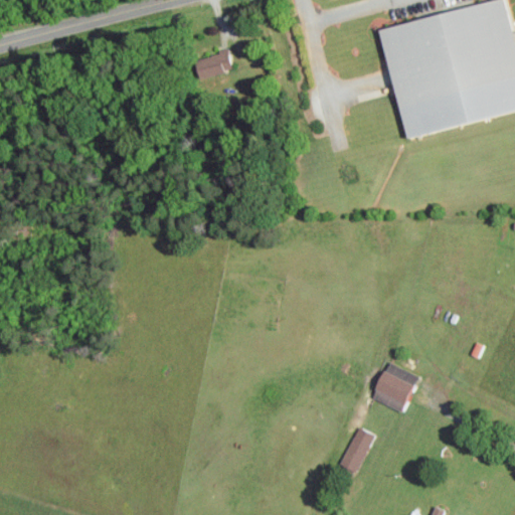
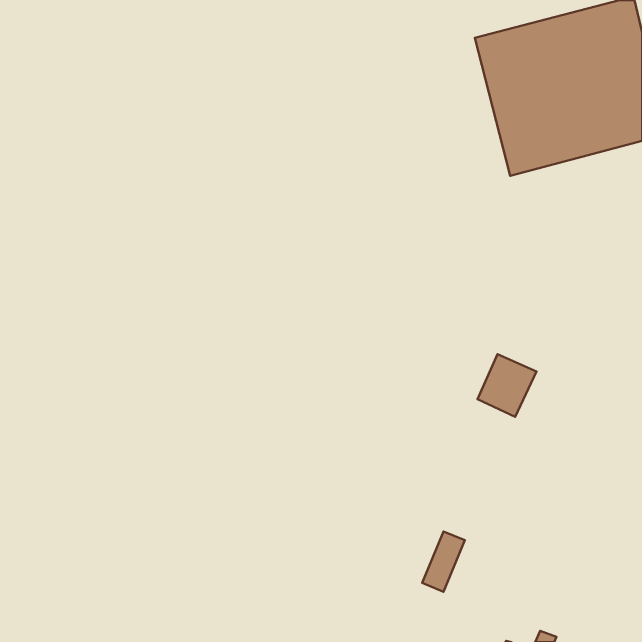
building: [193,49,232,79] -> none
building: [369,360,416,410] -> [477,354,537,417]

